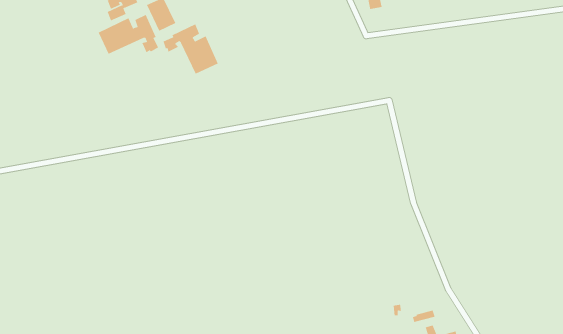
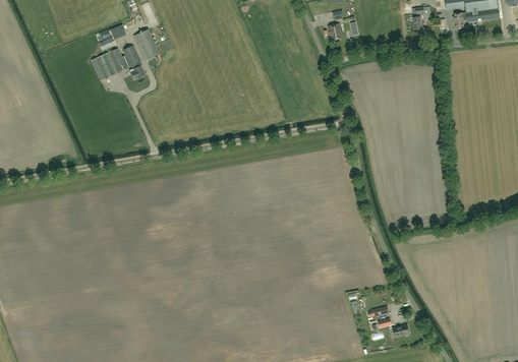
building: [163,23,218,74] -> none

